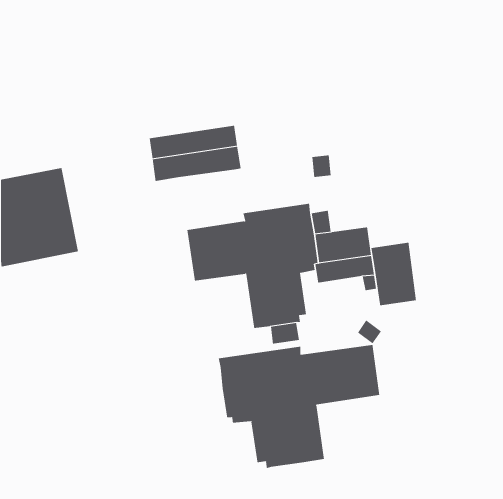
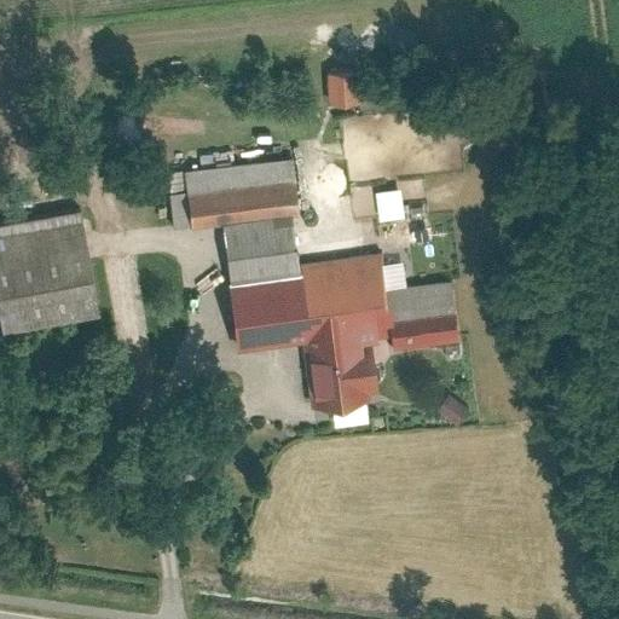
building: none -> [328,75,360,108]
building: none -> [220,214,301,288]
building: [371,242,417,306] -> none
building: [218,344,380,469] -> none

